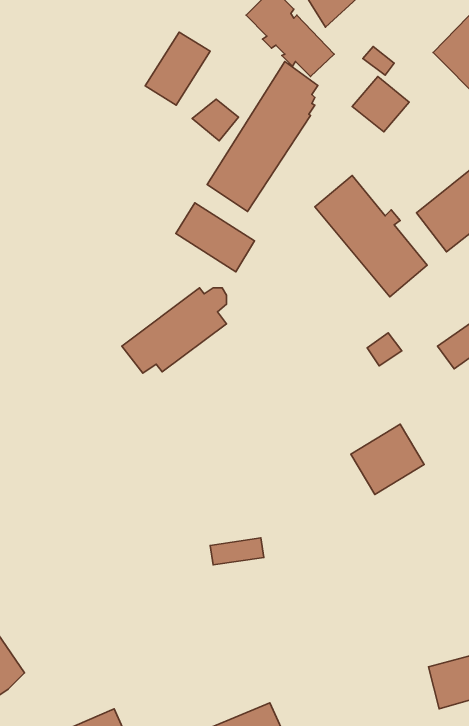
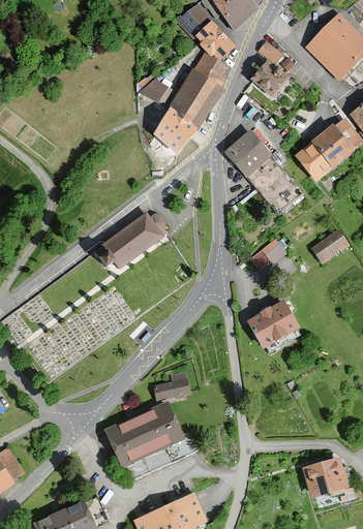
building: [145,32,210,105] -> none
building: [176,203,255,272] -> none
building: none -> [104,402,199,480]

